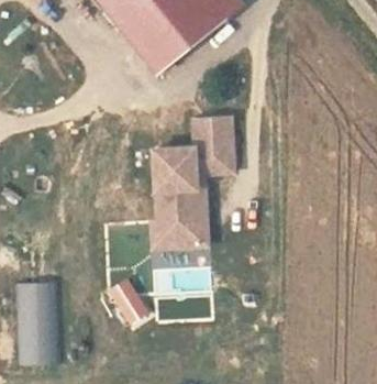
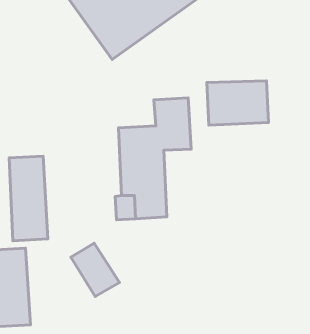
building: none -> [207,81,268,125]
building: none -> [9,156,48,241]

